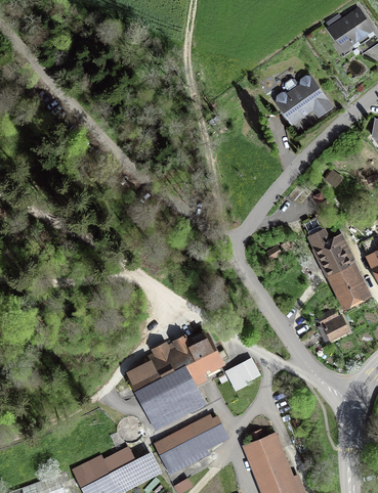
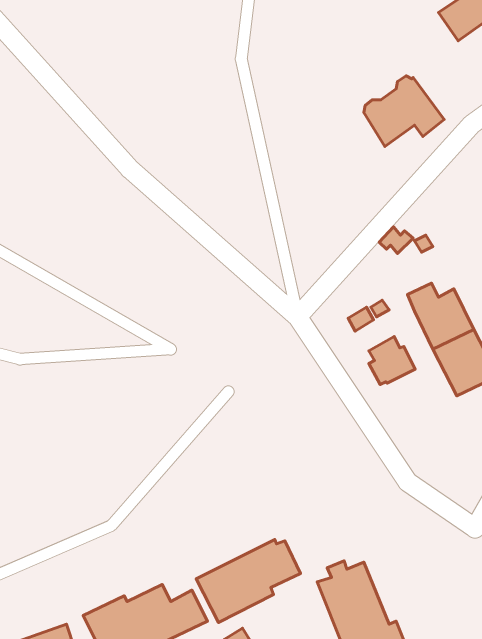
building: [317,307,350,342] -> [369,337,415,385]
building: [126,327,226,430] -> none
building: [225,357,261,391] -> none

